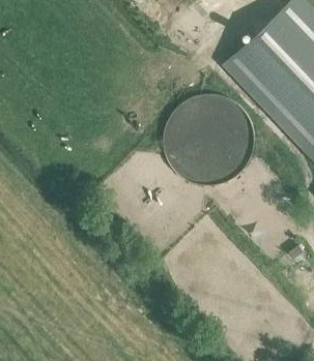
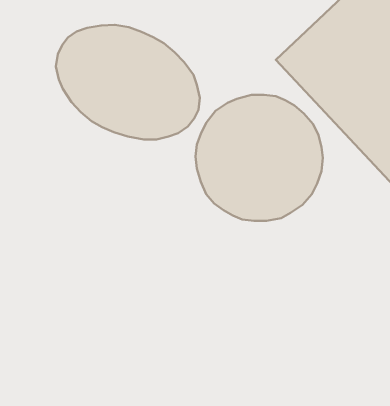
building: none -> [56,25,200,140]

